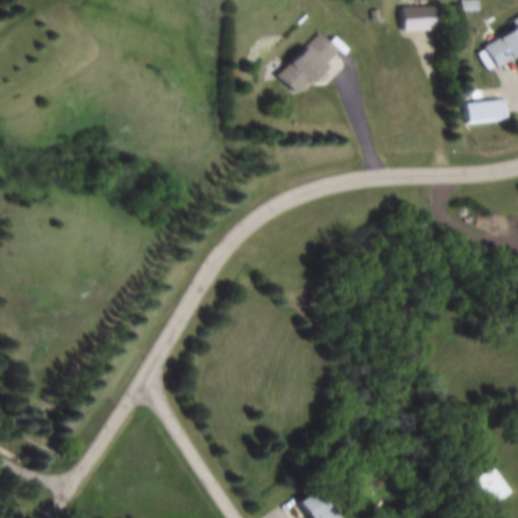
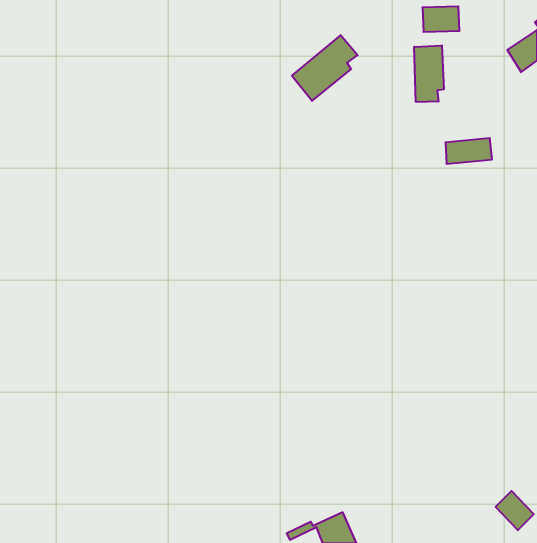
building: none -> [414,45,444,102]
building: [463,99,508,123] -> [445,138,492,164]

